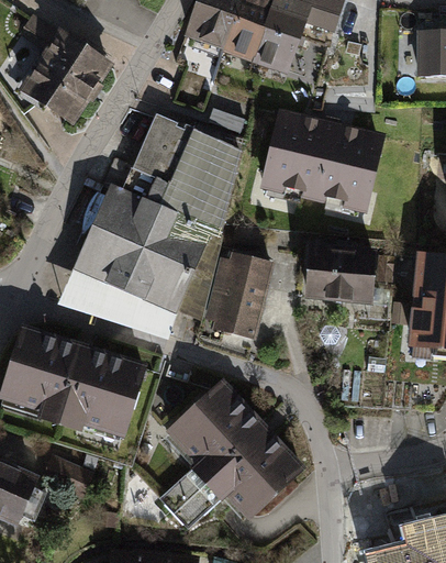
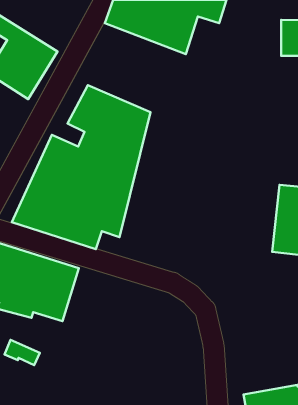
building: [261,108,388,213] -> none
building: [302,244,375,301] -> none
building: [204,250,274,340] -> none
building: [161,376,304,527] -> none

